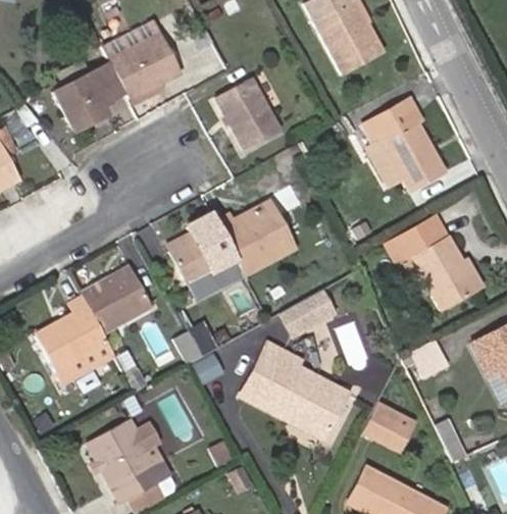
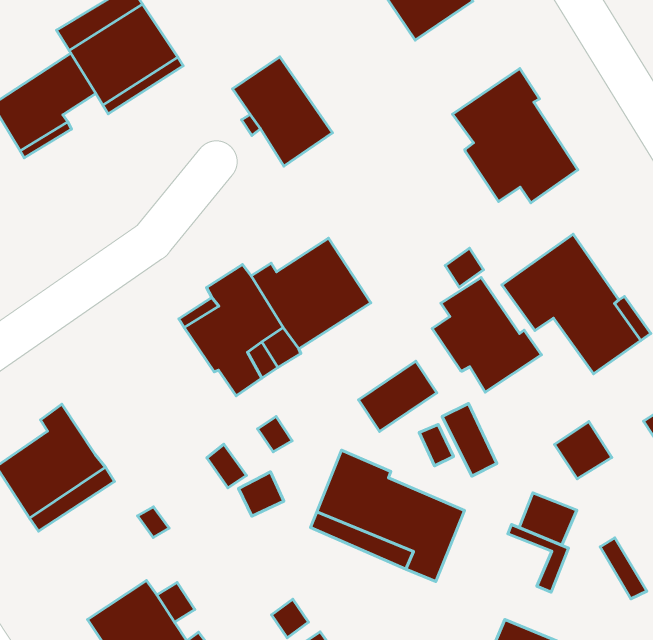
building: none -> [432,277,541,392]
building: [82,266,151,331] -> none
building: [363,410,403,447] -> [519,493,577,545]

